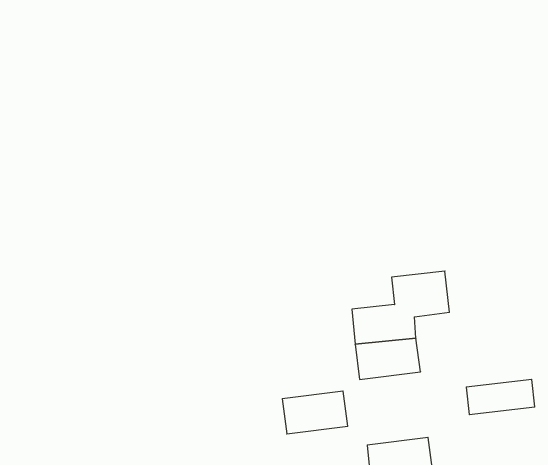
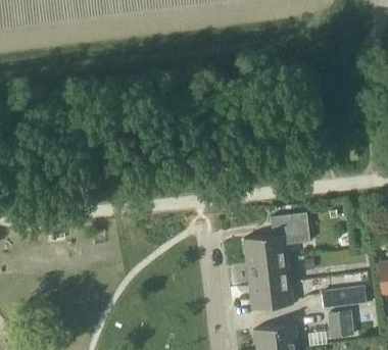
building: [282,391,348,434] -> [249,281,293,309]
building: none -> [327,310,354,338]

